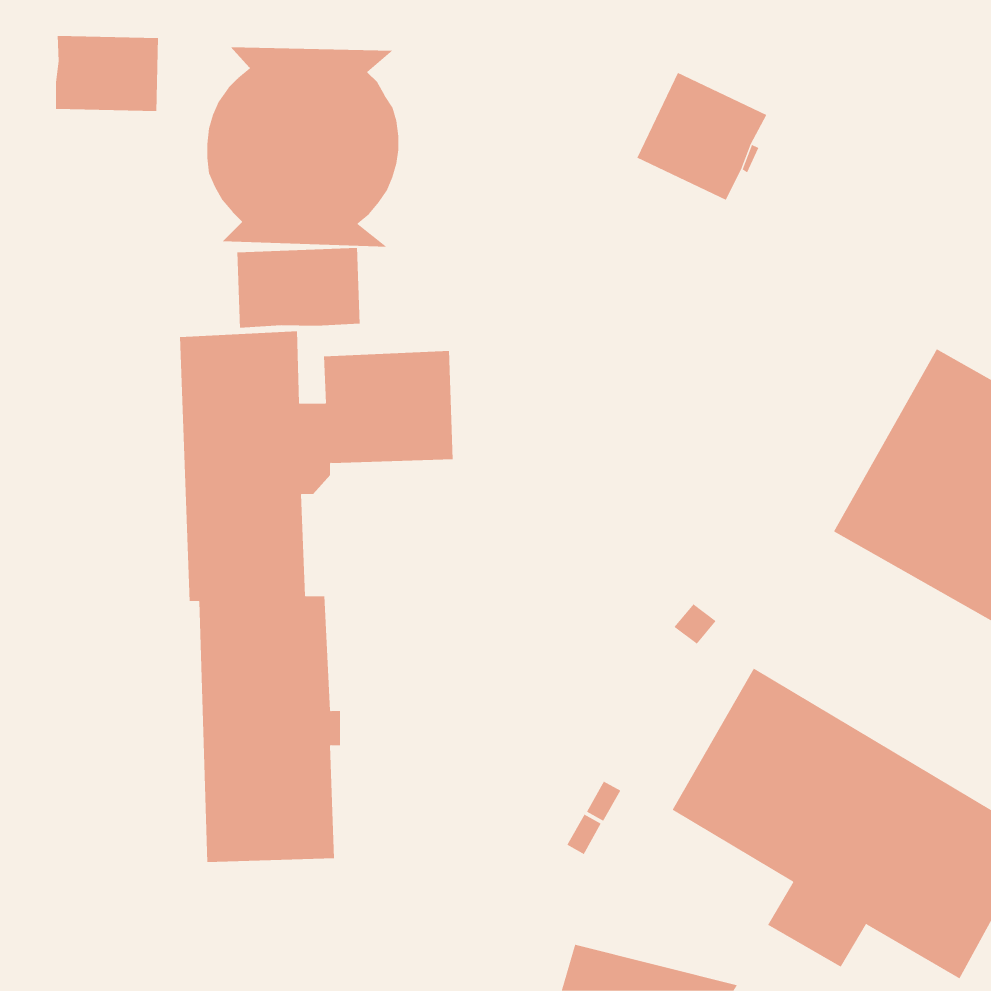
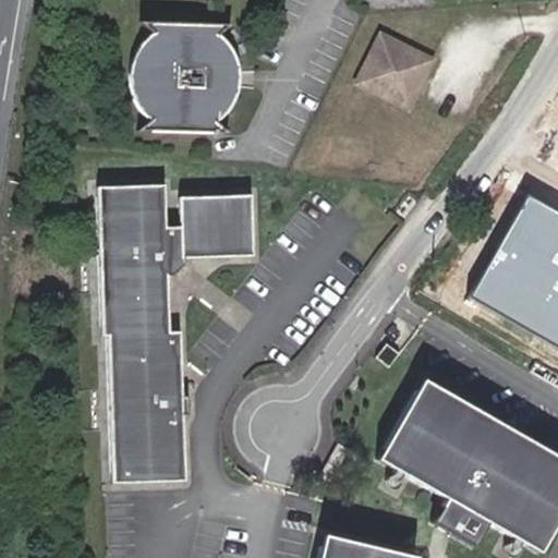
building: [55,35,159,112] -> none
building: [237,247,360,329] -> none

